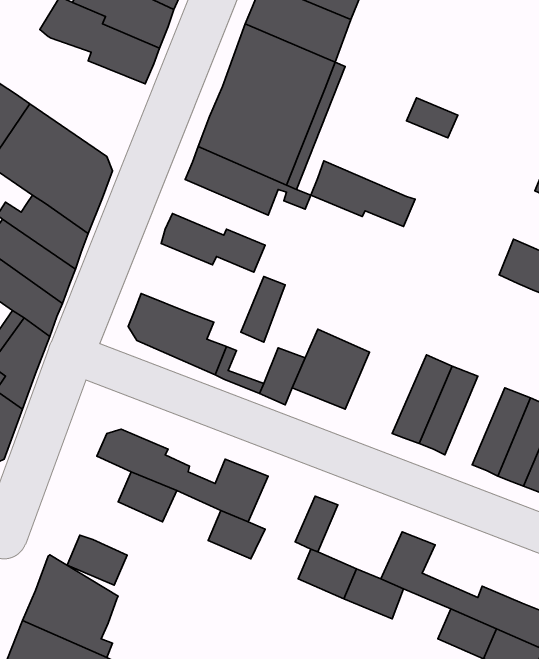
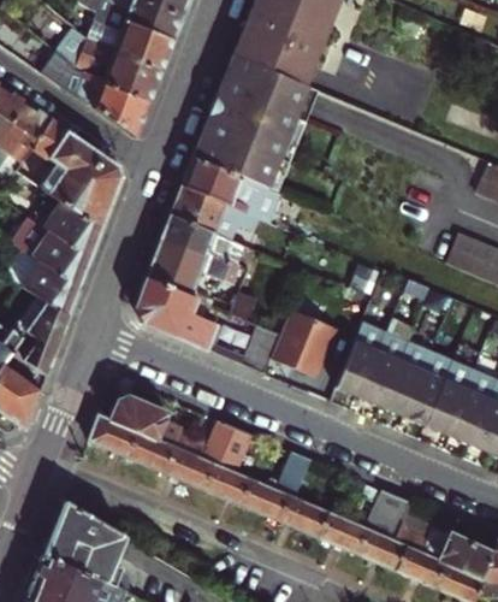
building: none -> [63,64,149,132]
building: [311,161,415,226] -> [172,183,260,238]
building: none -> [146,237,241,296]
building: none -> [336,323,386,397]
building: none -> [402,349,452,424]
building: none -> [164,445,213,488]
building: none -> [238,478,289,520]
building: [67,535,127,585] -> [87,413,137,455]
building: none -> [357,529,407,571]

